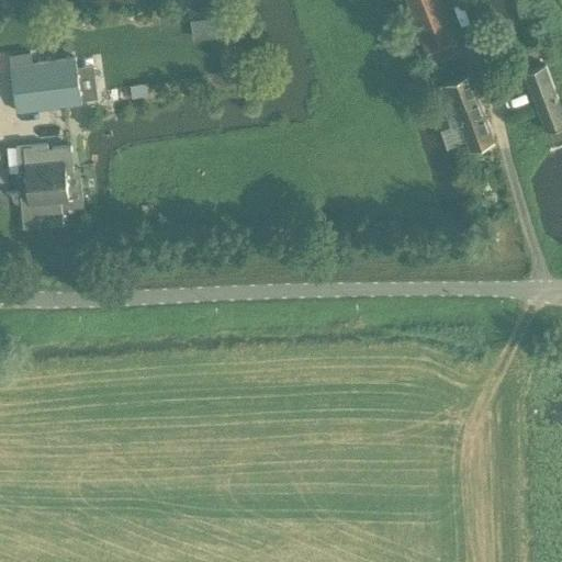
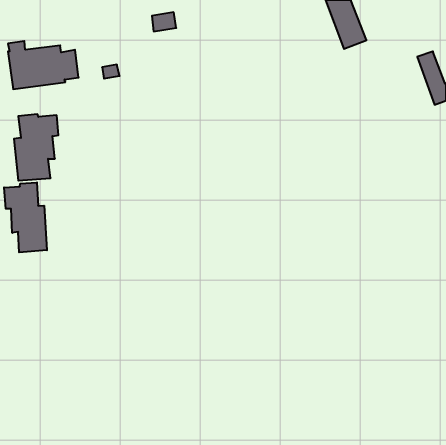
building: [435,72,494,148] -> none
building: none -> [4,182,47,252]

